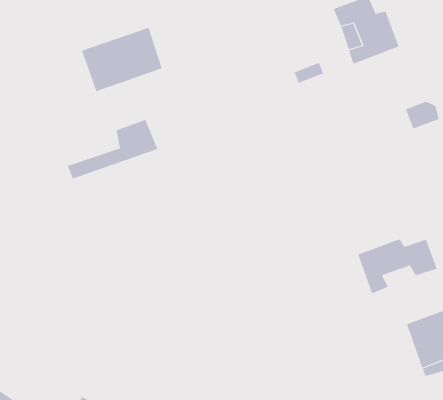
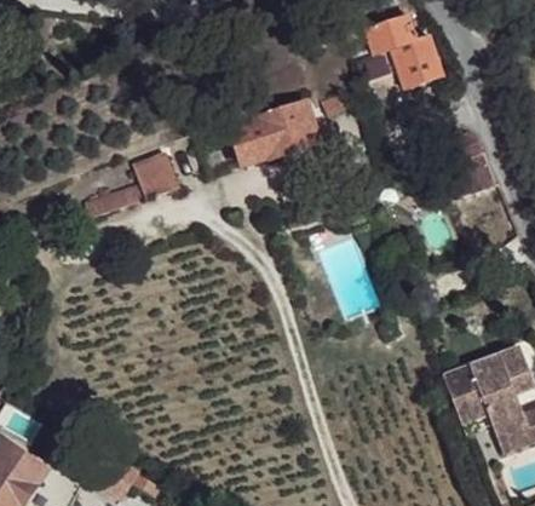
building: [81,27,162,92] -> [228,96,316,166]
building: [357,239,437,294] -> none

